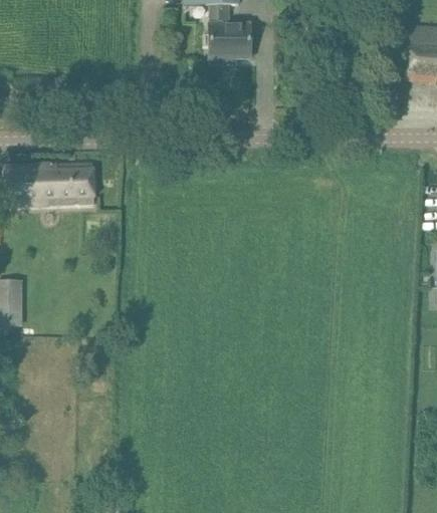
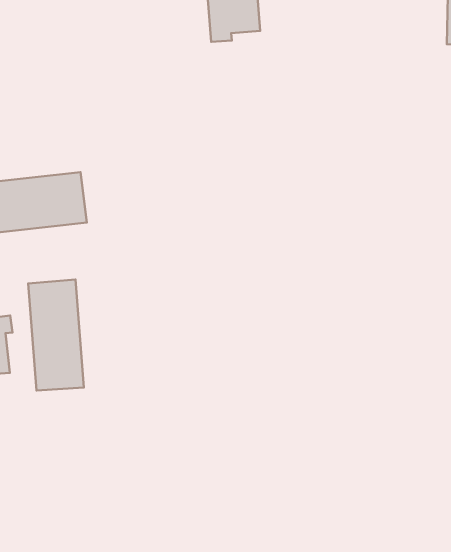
building: none -> [28,279,84,390]

